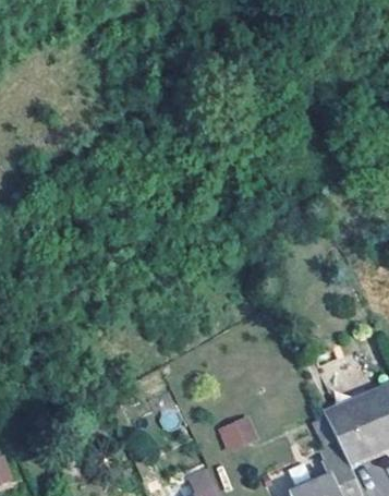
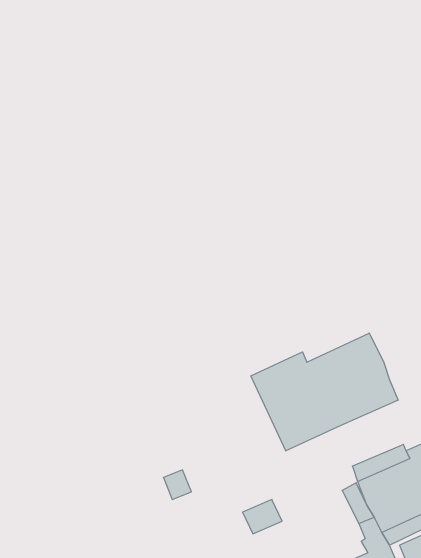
building: none -> [251,333,398,451]

